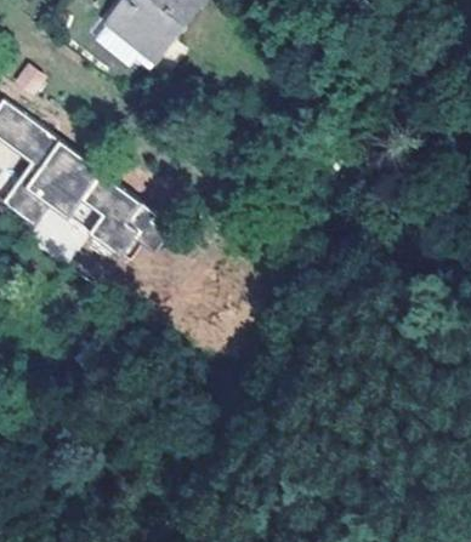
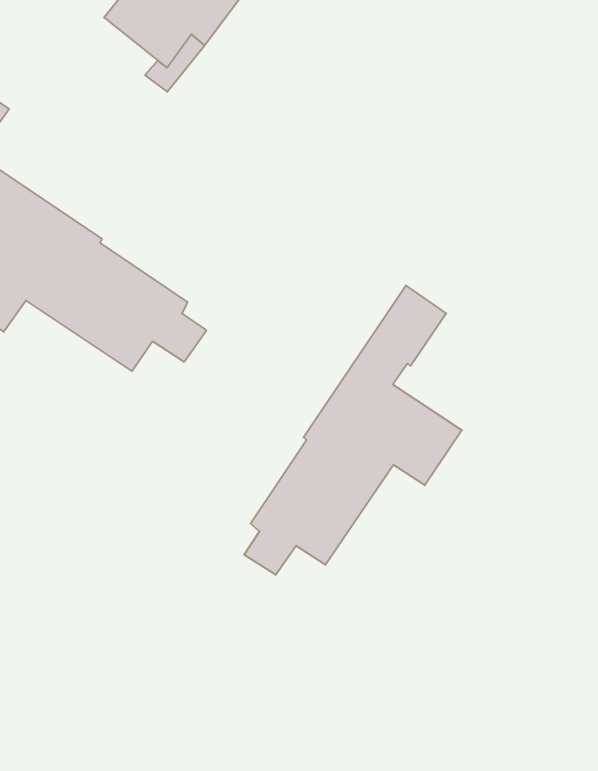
building: none -> [244,285,462,575]

